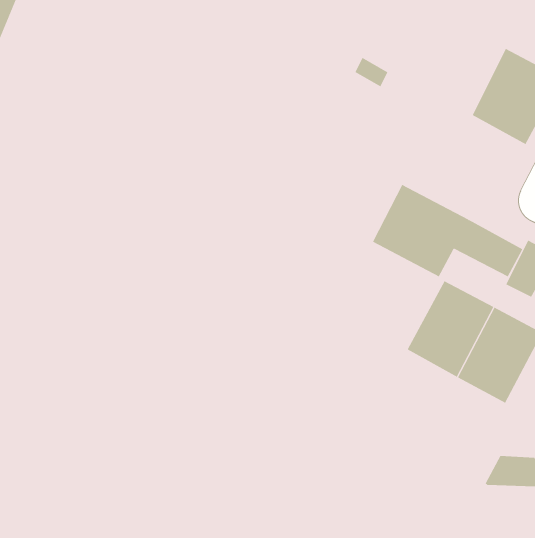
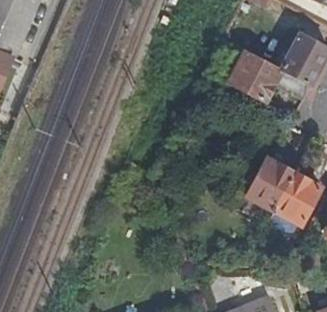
building: [372,184,523,277] -> [230,50,311,100]

